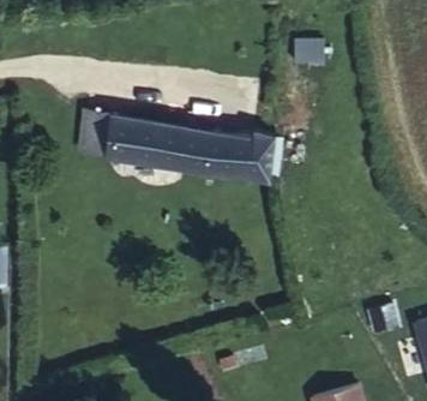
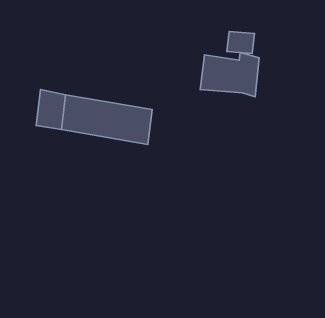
building: [206,131,273,181] -> [200,53,259,97]

